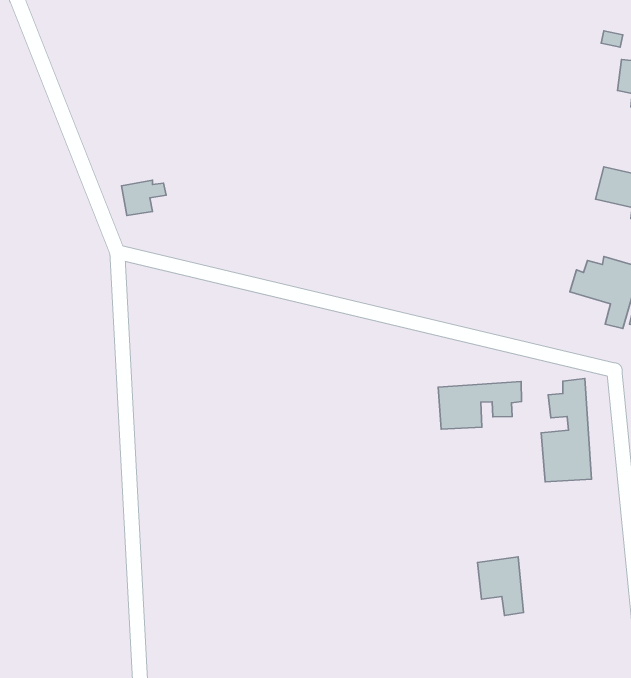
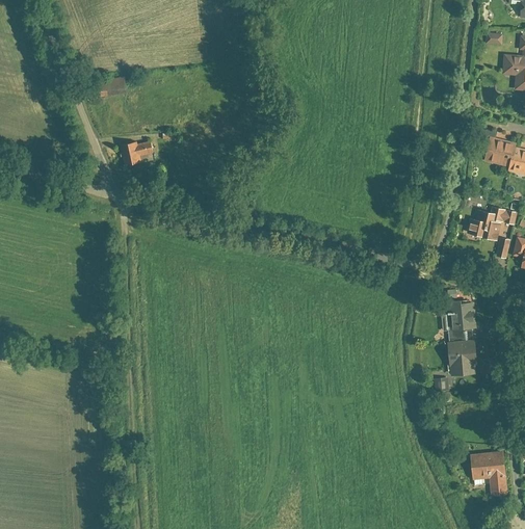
building: [438,381,521,429] -> none
building: [477,557,524,615] -> [470,449,505,494]

